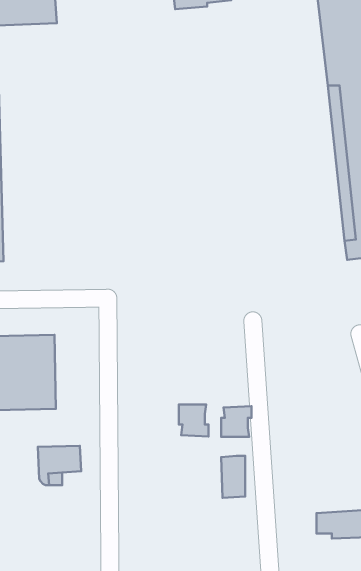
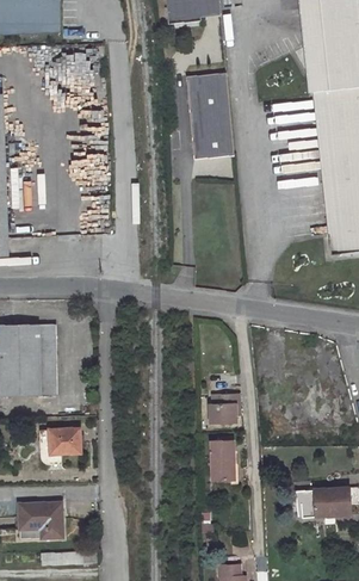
building: none -> [185,70,234,157]
building: [179,405,209,436] -> none
building: none -> [18,503,62,538]

